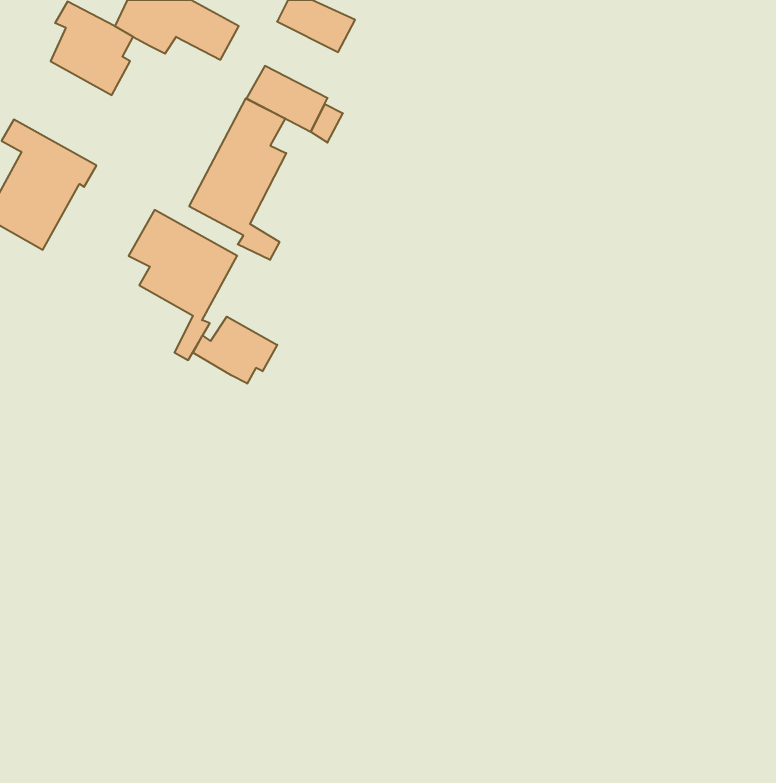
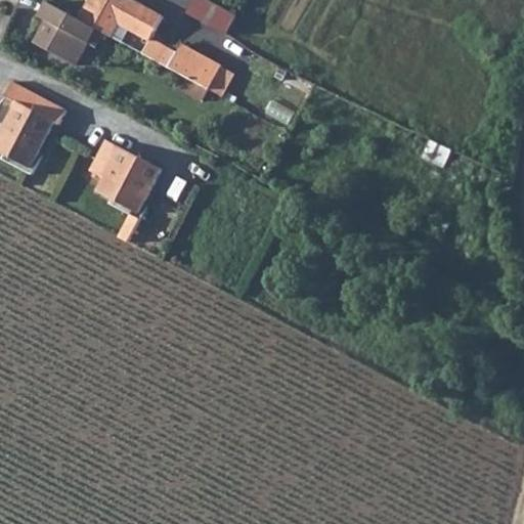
building: [189,98,286,260] -> none
building: [193,317,277,384] -> none

